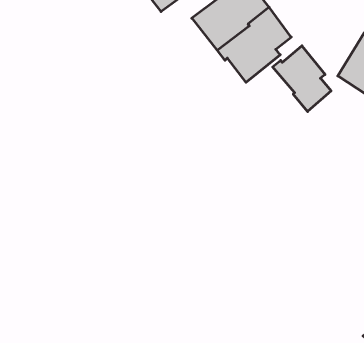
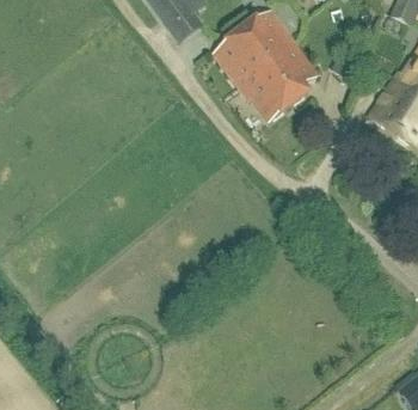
building: [273,46,331,112] -> none

